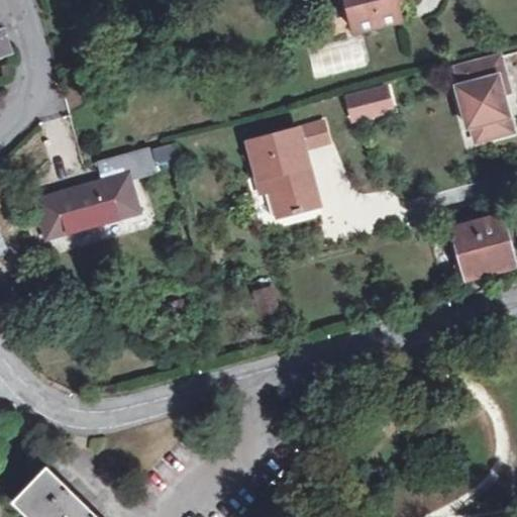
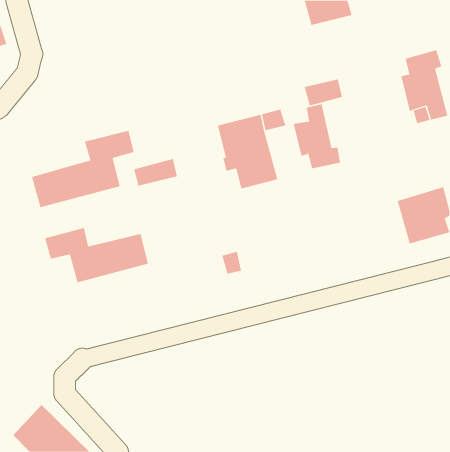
building: none -> [293,104,341,169]
building: none -> [134,158,177,186]
building: none -> [44,227,149,283]

